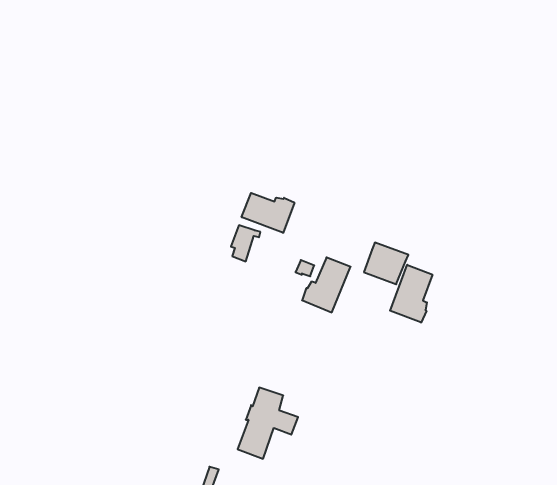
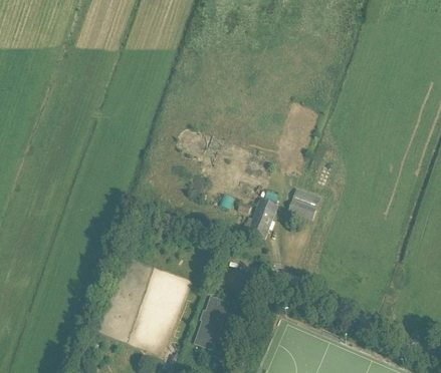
building: [242,193,294,233] -> none
building: [390,265,432,323] -> none

